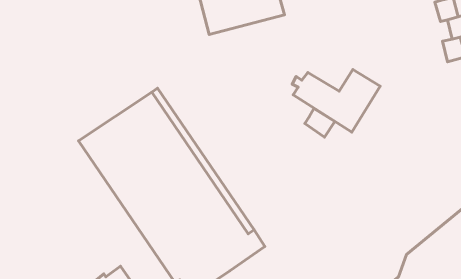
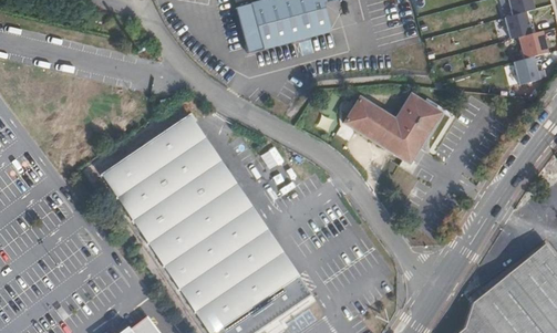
building: [305,108,335,137] -> none

